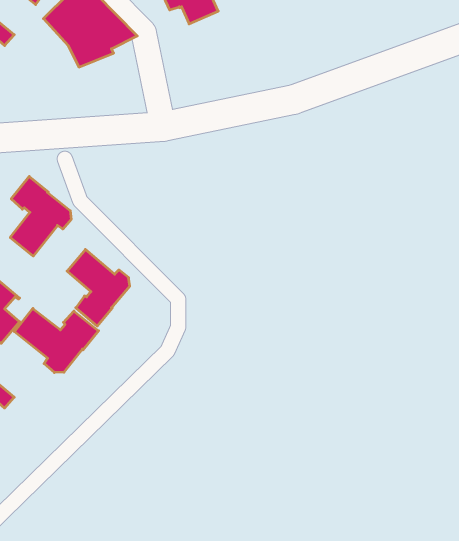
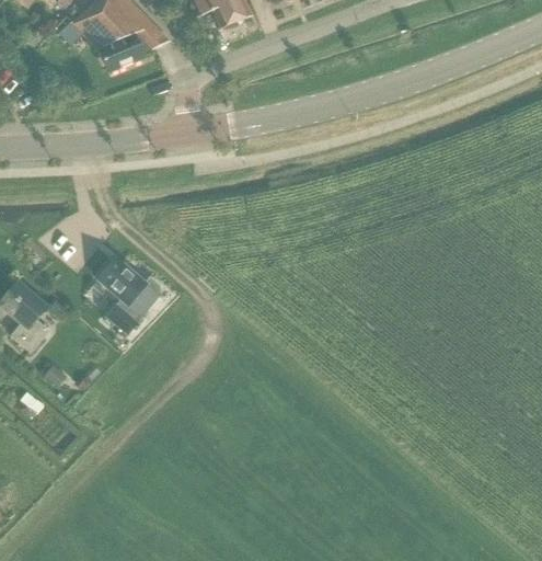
building: [10,176,71,256] -> none
building: [14,308,99,373] -> none

